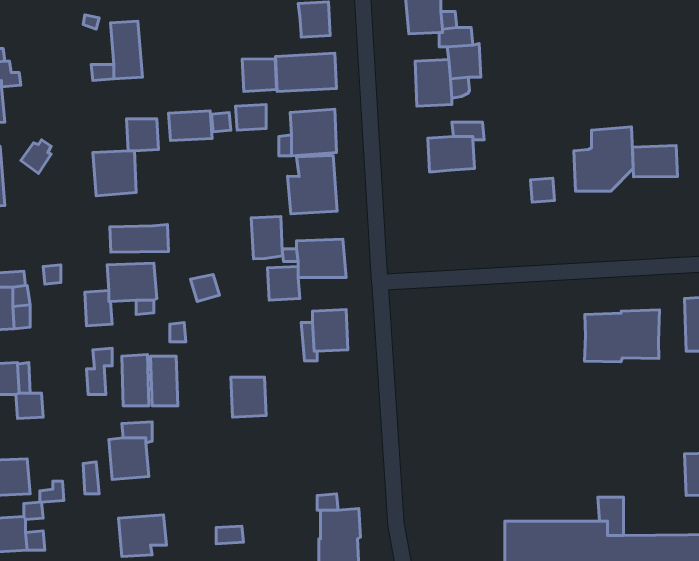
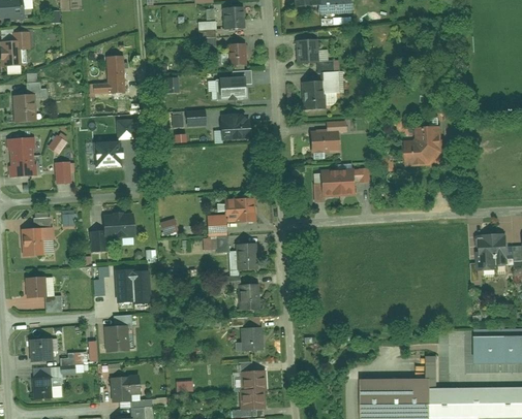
building: [242,59,277,91] -> none
building: [169,111,212,141] -> none
building: [632,146,678,177] -> none
building: [288,156,337,214] -> none
building: none -> [55,161,74,184]
building: none -> [321,167,370,196]
building: [251,216,283,259] -> none
building: [110,225,168,252] -> none
building: [584,310,659,362] -> none
building: [231,377,266,417] -> [238,283,260,309]
building: none -> [241,326,265,350]

